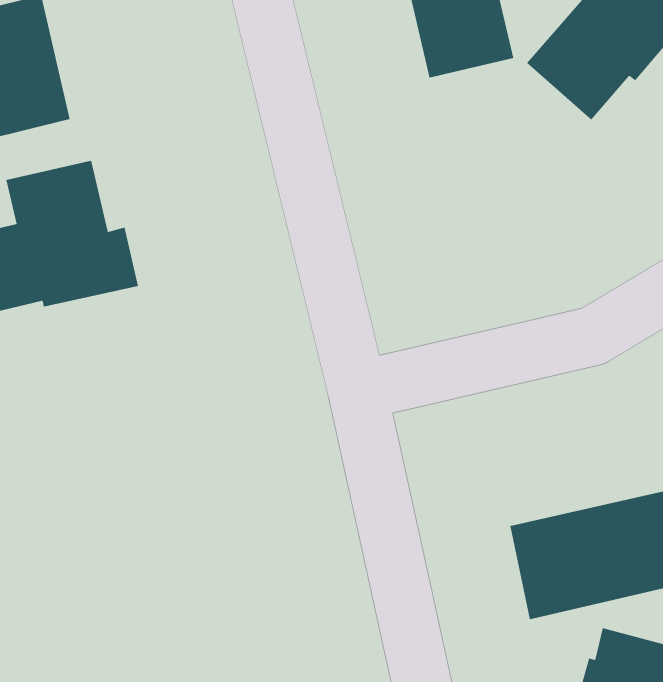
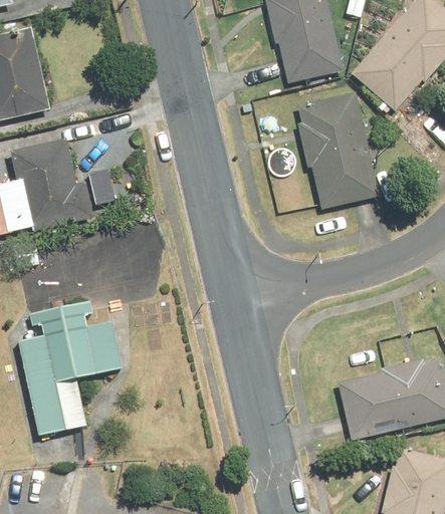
building: none -> [298,94,379,211]
building: none -> [14,301,127,437]

